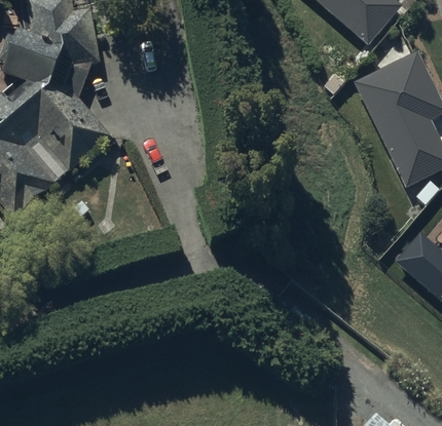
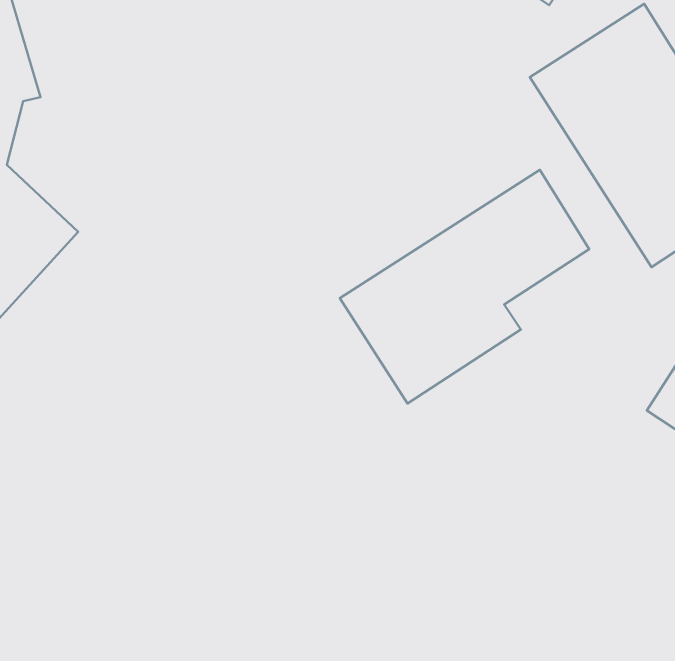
building: none -> [340,170,589,403]

